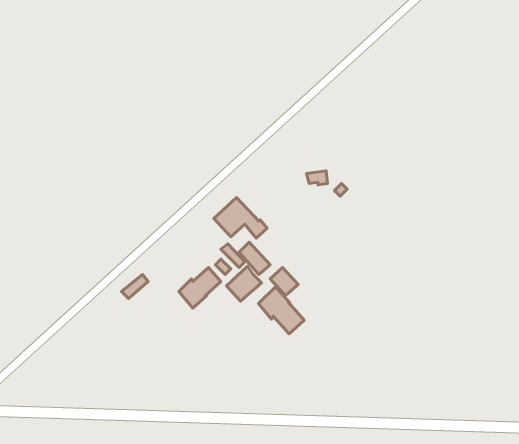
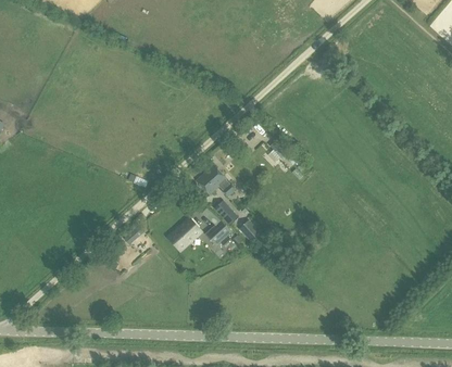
building: [258,287,304,334] -> none

